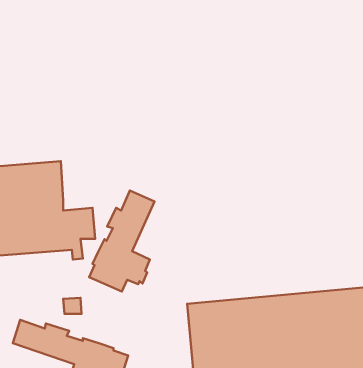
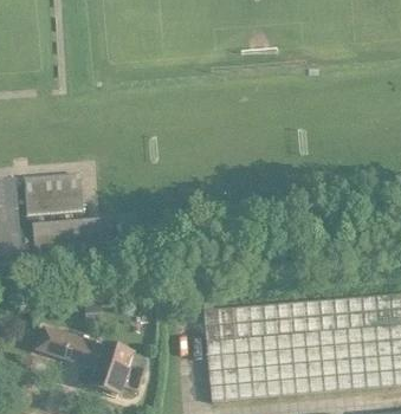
building: [89,190,155,292] -> none

